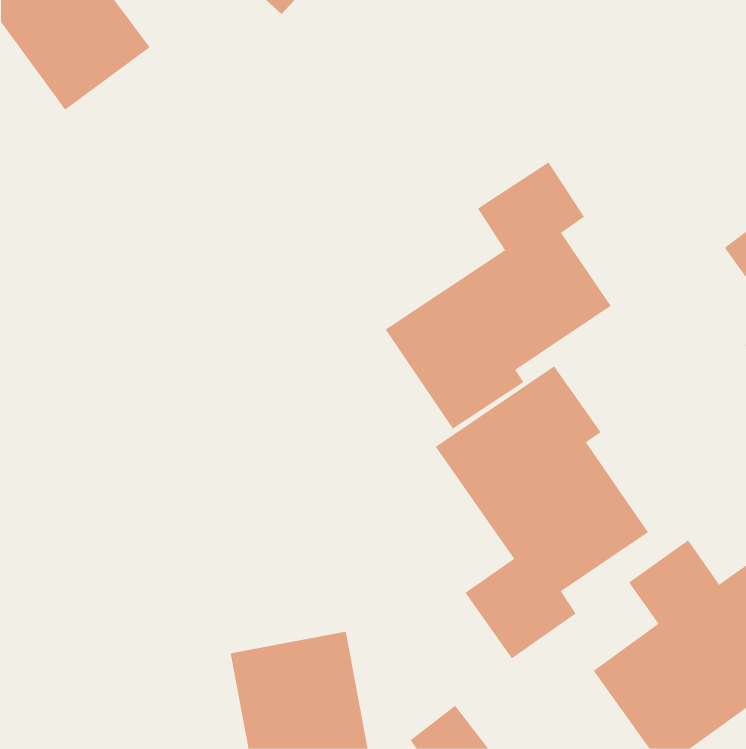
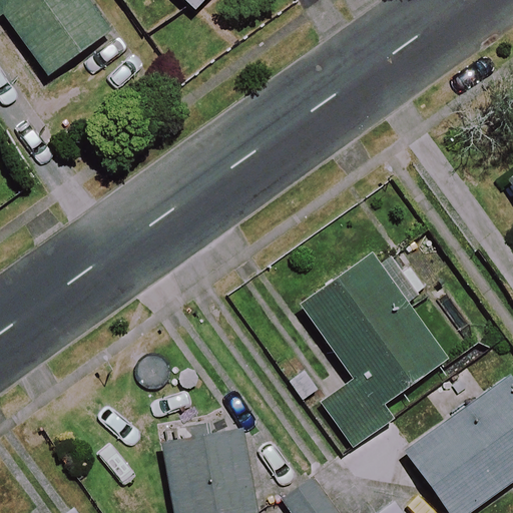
building: [385,161,611,429] -> none

